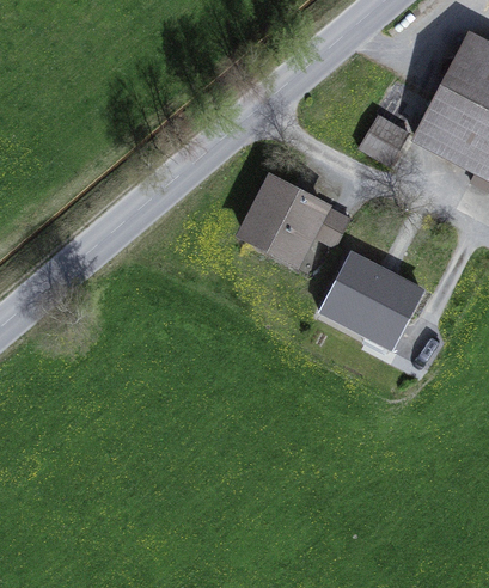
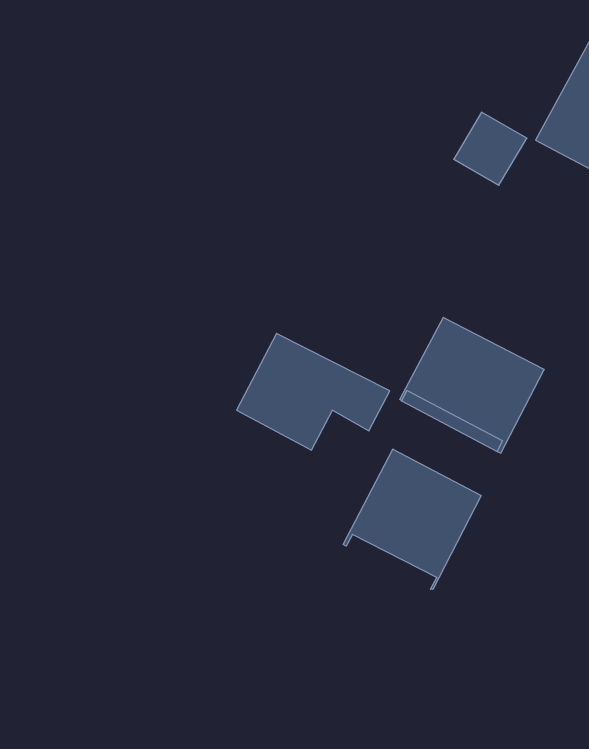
building: [244,179,349,259] -> [237,333,390,450]
building: none -> [343,449,481,589]

